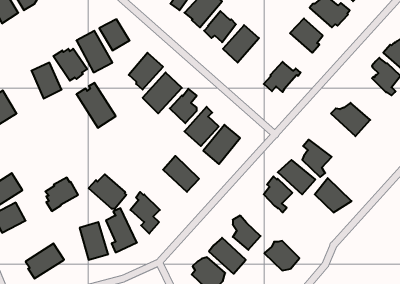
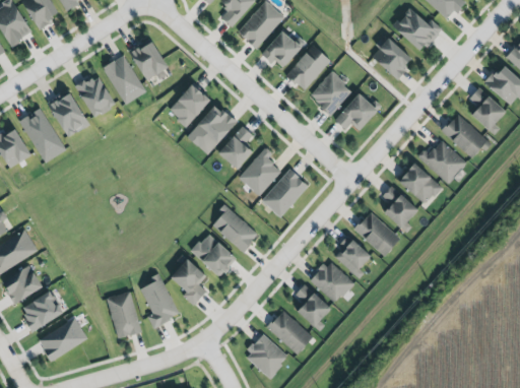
building: none -> [312,70,351,116]
building: none -> [443,114,492,157]
building: [76,83,116,128] -> [19,107,68,163]
building: [89,174,126,209] -> [190,232,237,274]
building: [45,178,78,211] -> [24,289,65,331]
building: [315,178,352,212] -> [399,159,445,202]
building: [264,241,299,270] -> [311,263,354,300]

